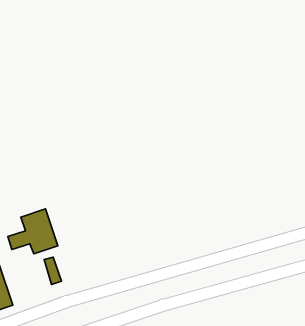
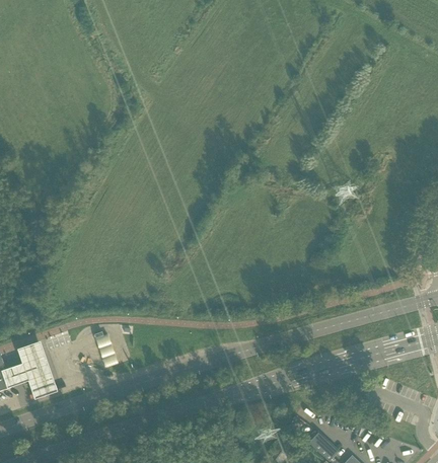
building: [8,209,58,254] -> none

